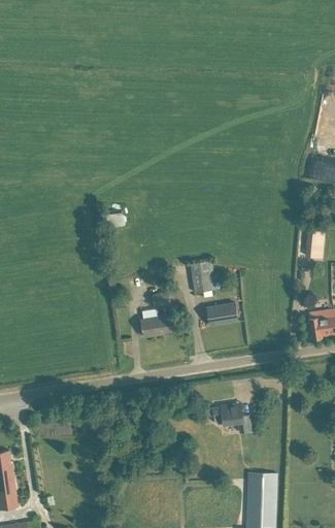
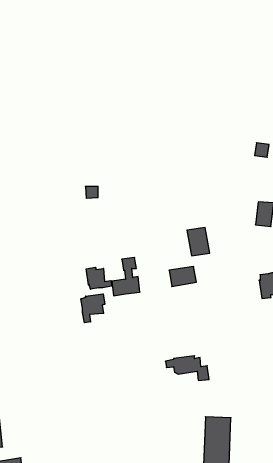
building: [190,261,215,293] -> [187,228,210,256]
building: none -> [86,267,112,289]
building: none -> [81,294,105,323]

